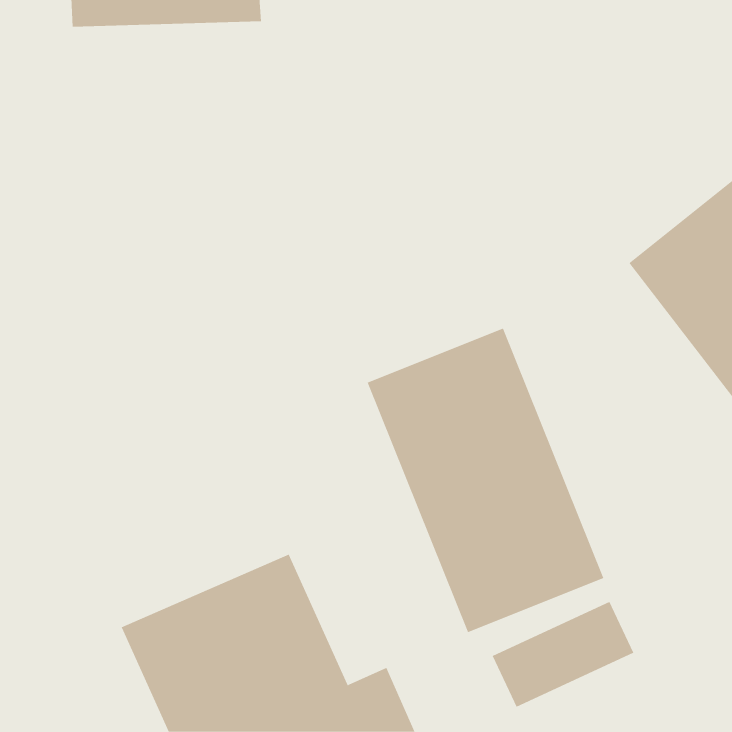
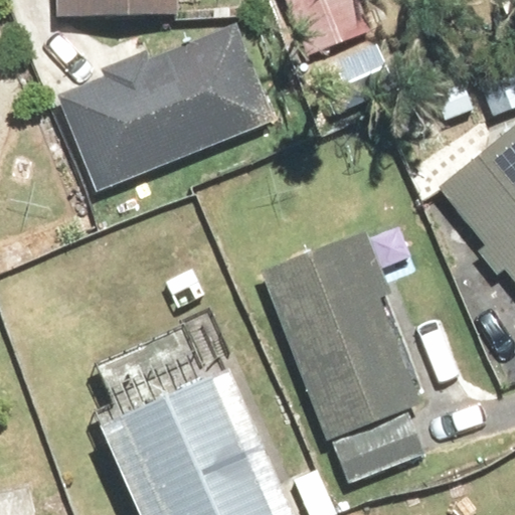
building: none -> [58,20,283,188]

